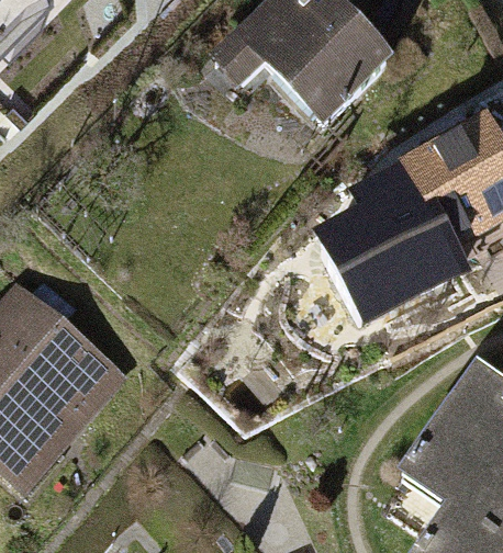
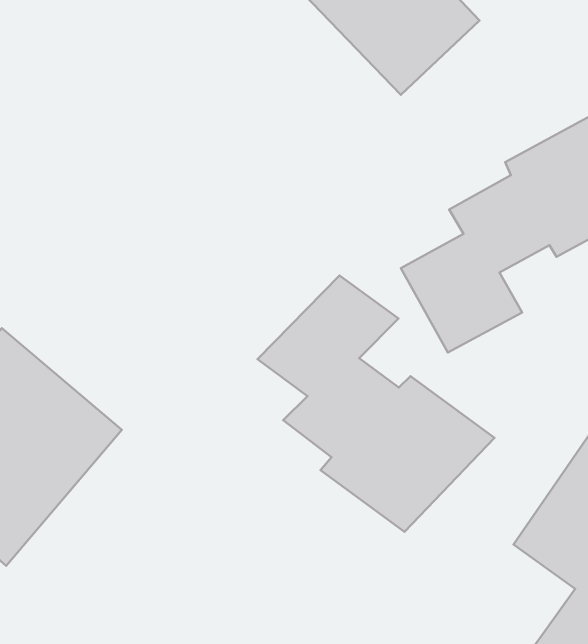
building: none -> [258,275,495,532]

